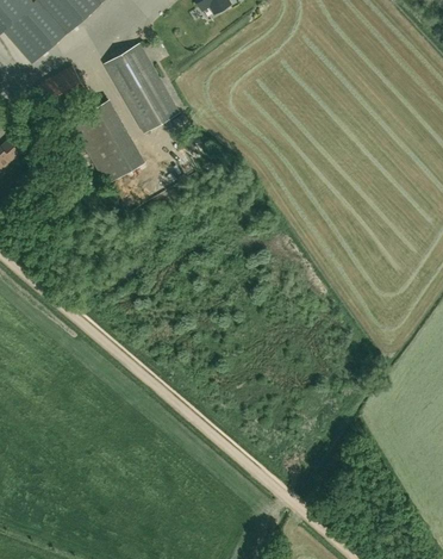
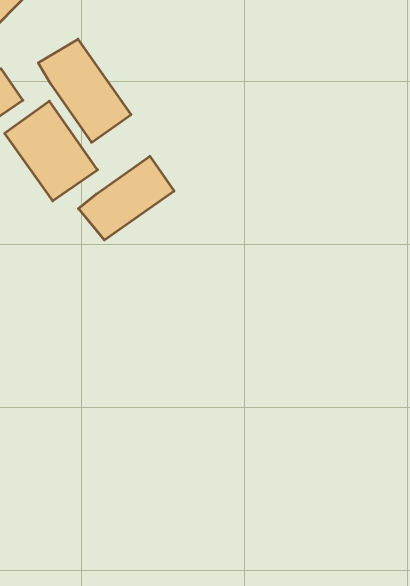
building: none -> [78,156,174,240]

